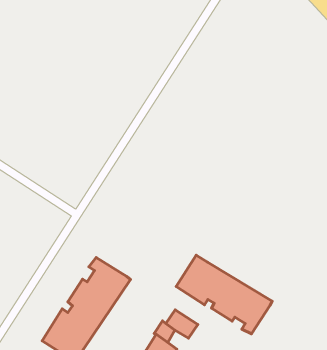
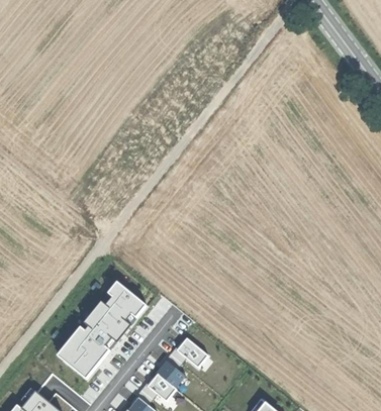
building: [176,255,272,334] -> none

